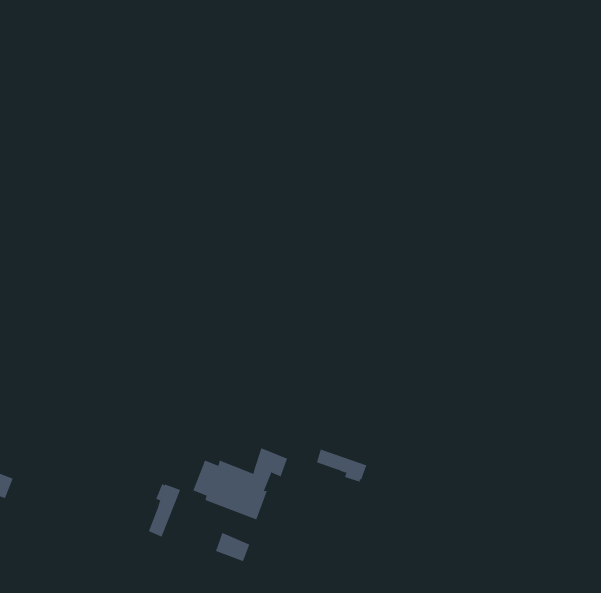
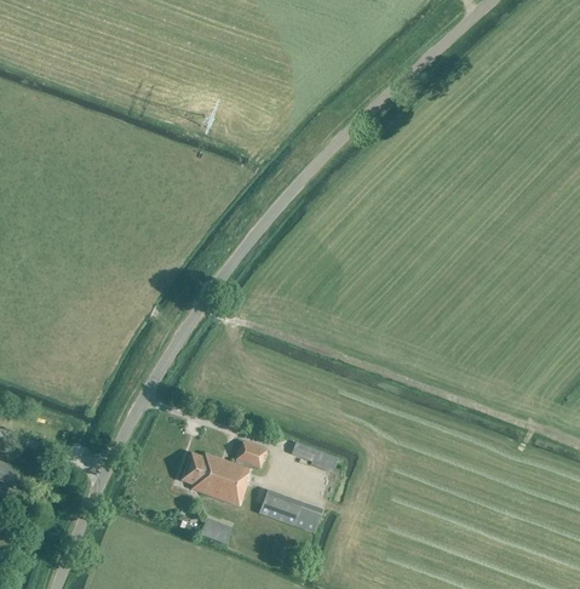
building: [148,483,181,538] -> none
building: none -> [255,487,320,527]

